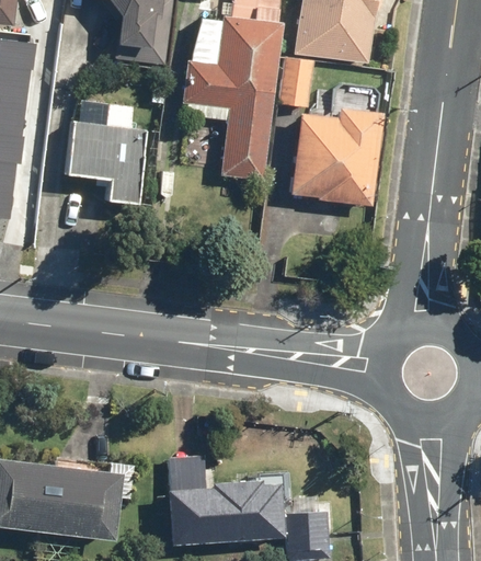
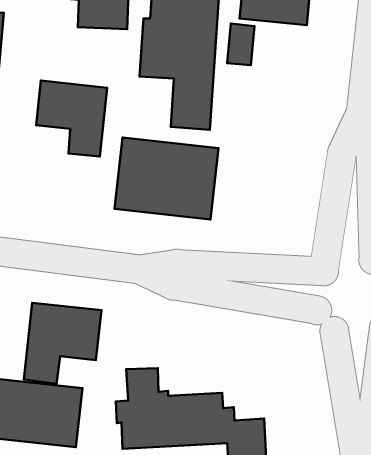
building: [297,101,386,205] -> none
building: none -> [115,137,218,220]
building: none -> [24,303,102,384]

